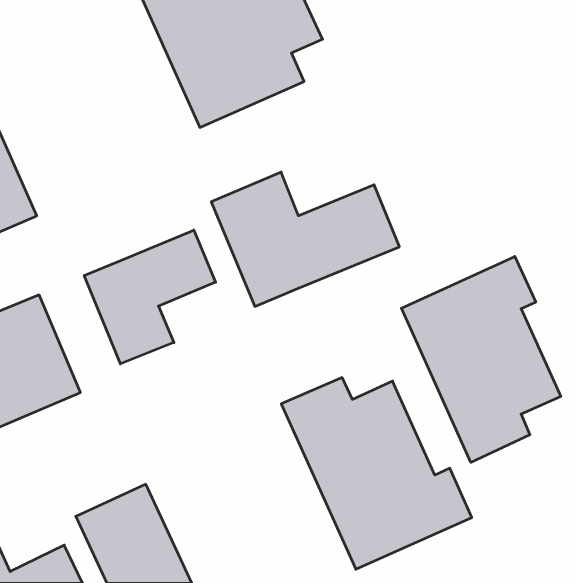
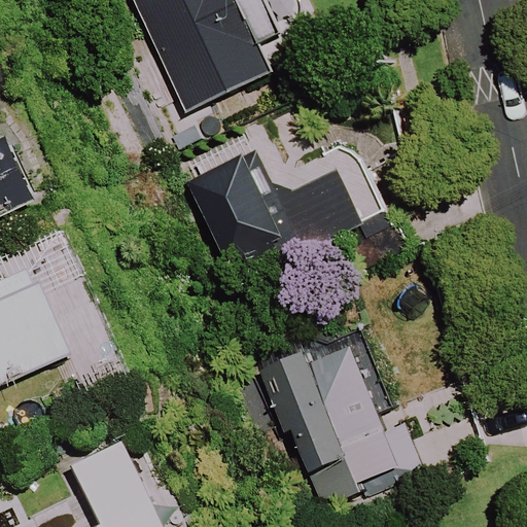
building: [84,230,216,364] -> none
building: [401,256,561,462] -> none

